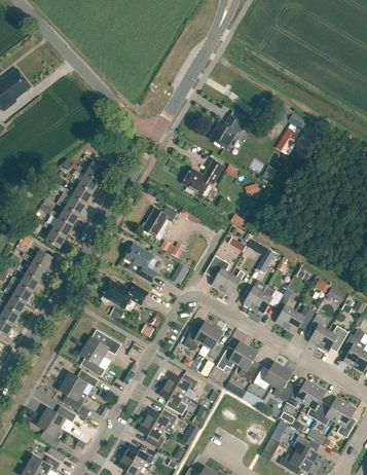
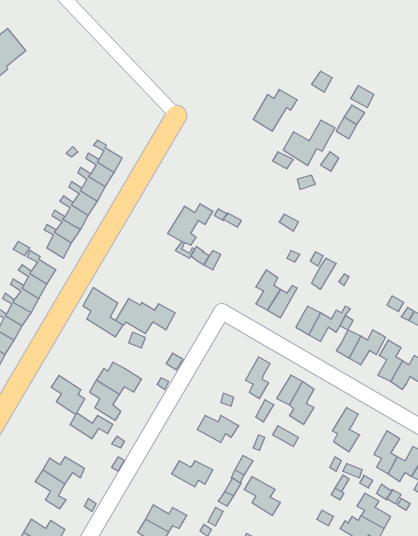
building: [183,159,224,195] -> [283,120,335,166]
building: [125,244,157,283] -> [83,288,123,337]
building: [183,321,214,351] -> none
building: [254,362,284,389] -> none
building: [59,380,85,411] -> [51,375,85,414]
building: [286,380,316,407] -> none
building: [159,385,188,415] -> [244,476,280,515]
building: [139,419,164,449] -> none

